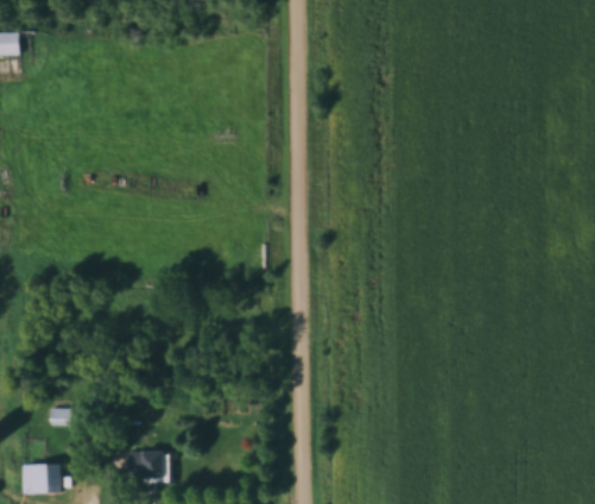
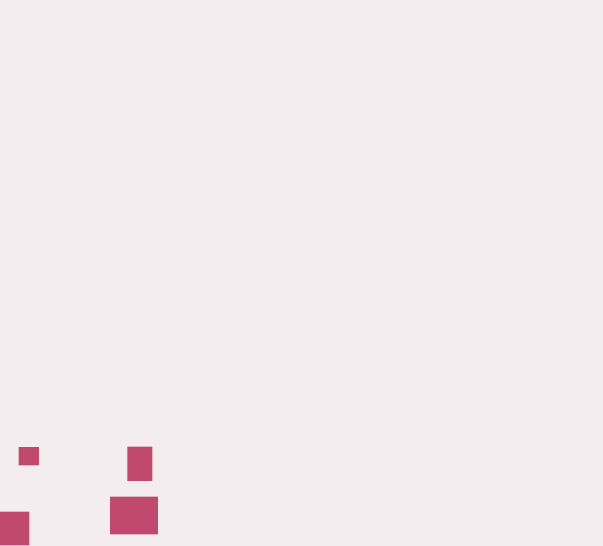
building: none -> [127,446,153,482]

